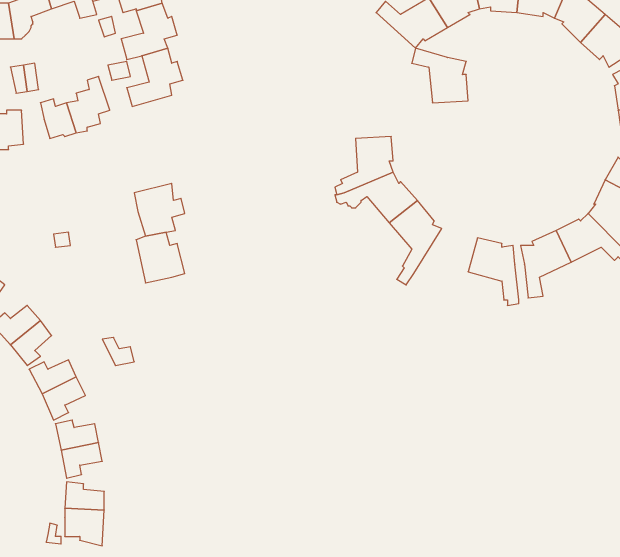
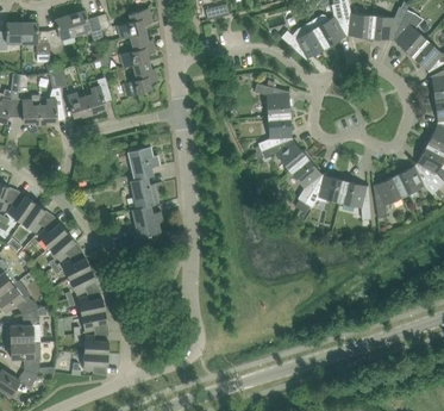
building: [412,48,468,103] -> [255,83,290,118]
building: none -> [300,175,345,214]
building: none -> [131,206,163,238]

